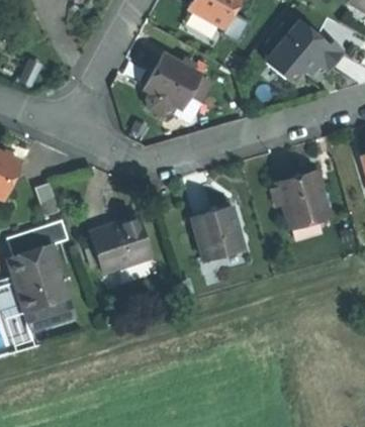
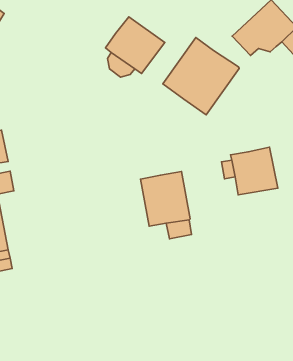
building: none -> [163,38,239,115]
building: [90,214,154,274] -> none

